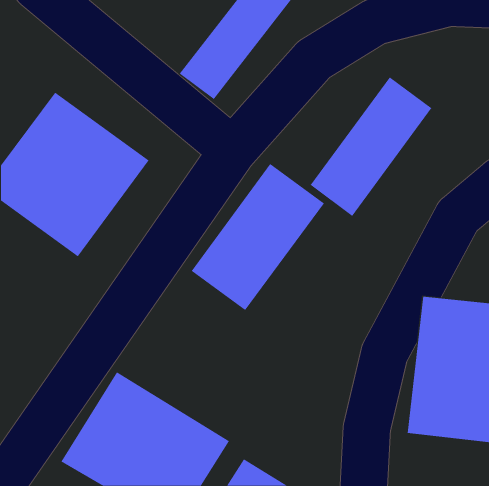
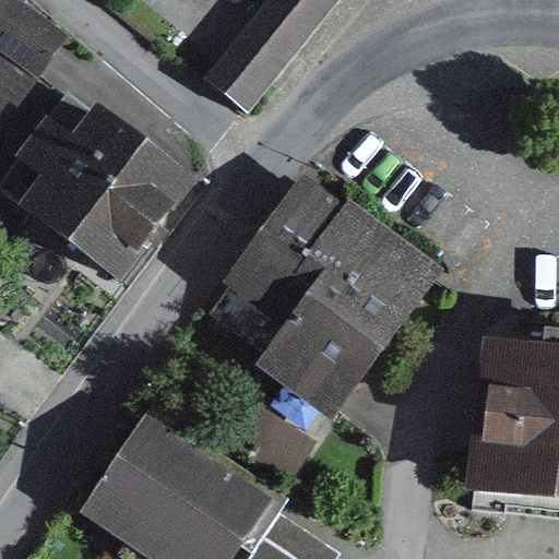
building: [310,77,432,217] -> none
building: none -> [286,227,436,392]

